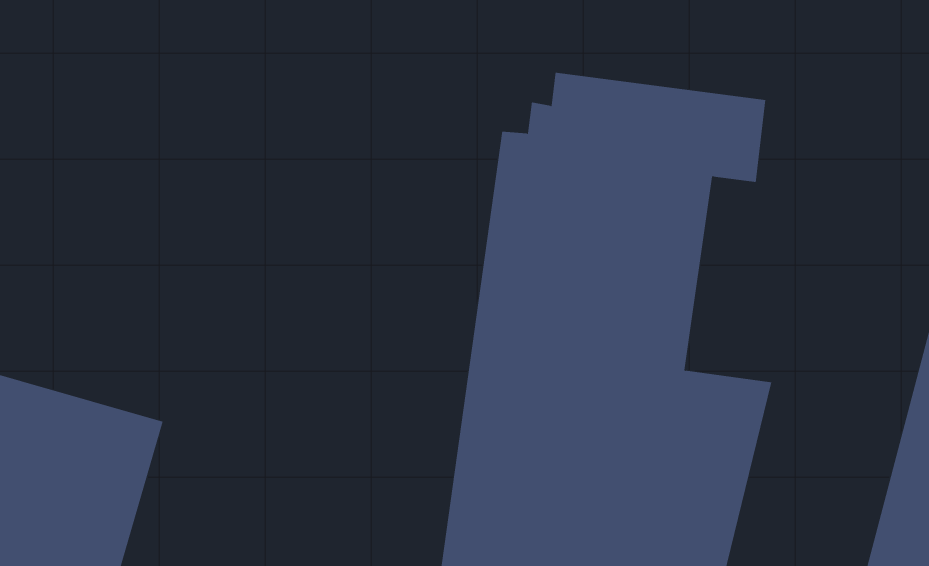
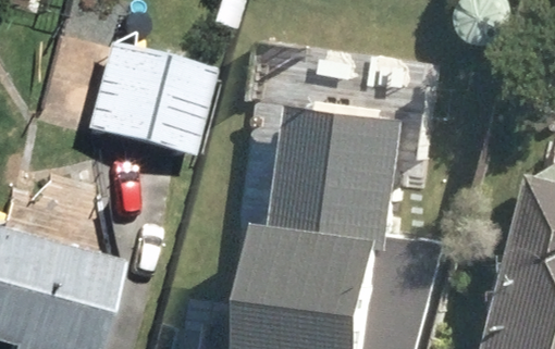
building: none -> [69,43,195,152]

